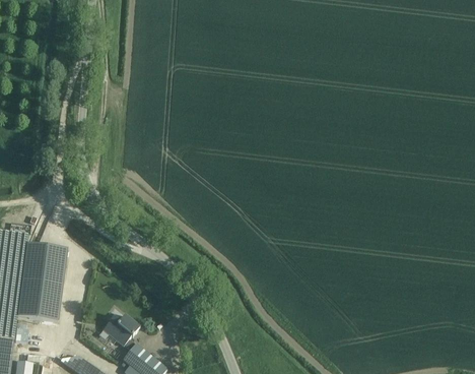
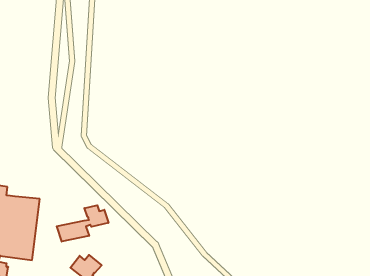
building: none -> [57,205,108,242]

